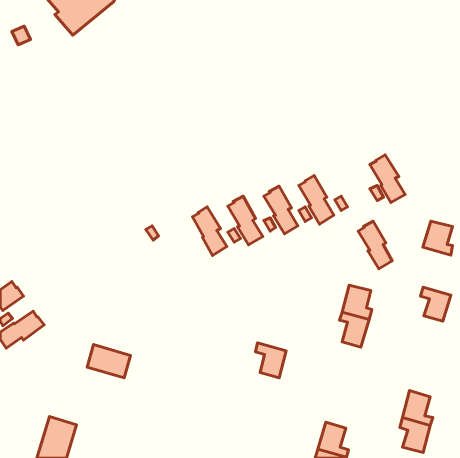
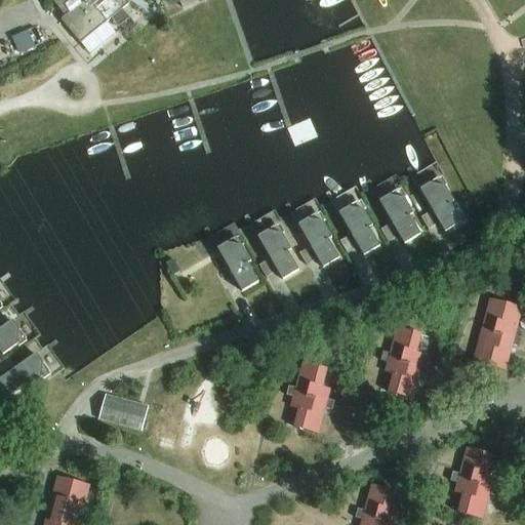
building: [423,221,452,255] -> [482,297,516,336]
building: [358,221,392,269] -> [381,189,420,243]
building: none -> [293,360,329,400]

